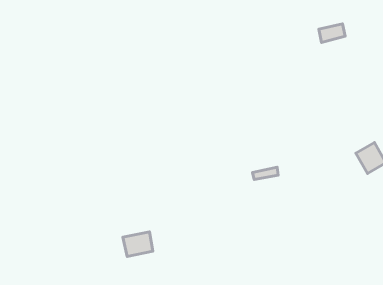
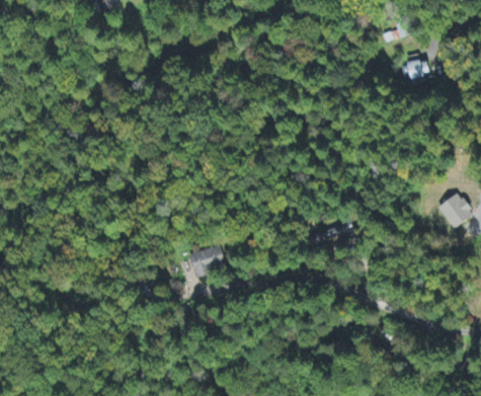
building: [123,232,153,257] -> [187,246,222,274]

